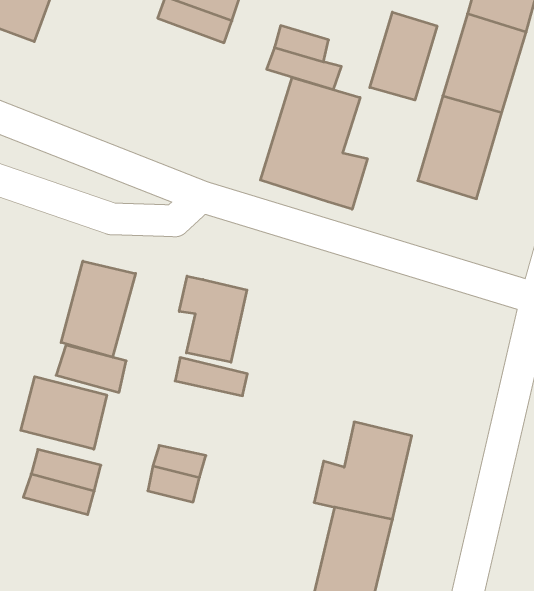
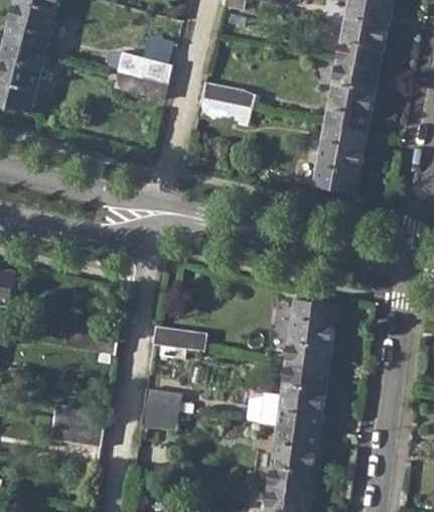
building: [370,12,437,100] -> none
building: [260,77,367,209] -> none
building: [61,261,136,357] -> none
building: [179,276,247,362] -> none
building: none -> [284,298,335,367]
building: [21,377,107,449] -> none

